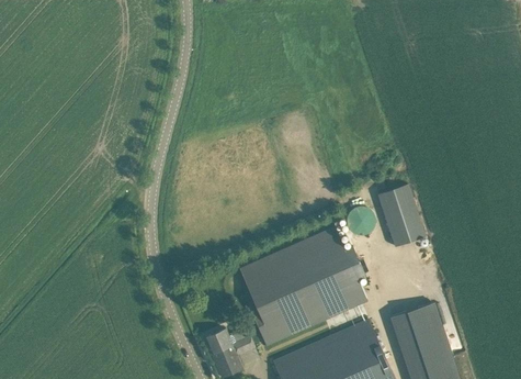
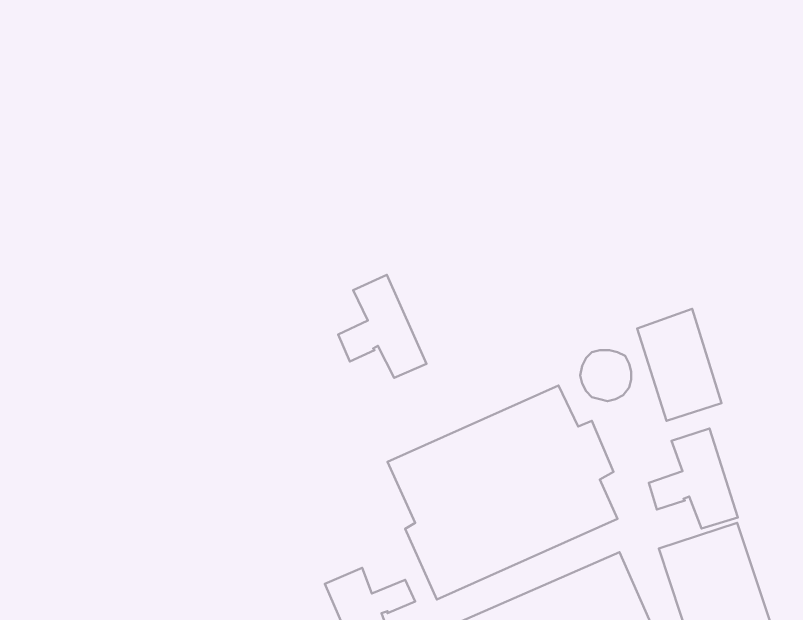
building: none -> [338,275,426,378]
building: none -> [649,428,738,529]

